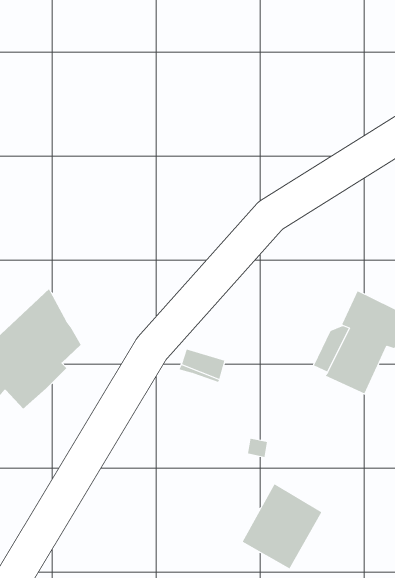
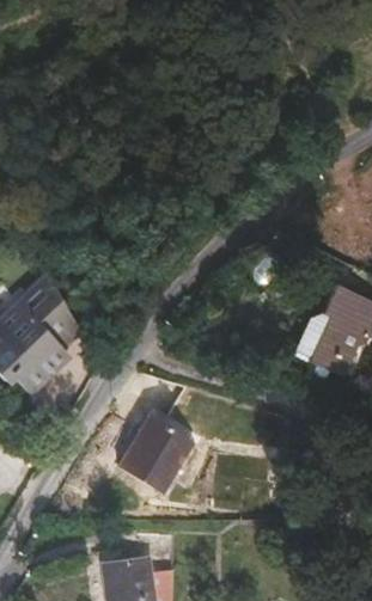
building: [242,484,322,569] -> [129,416,203,495]

